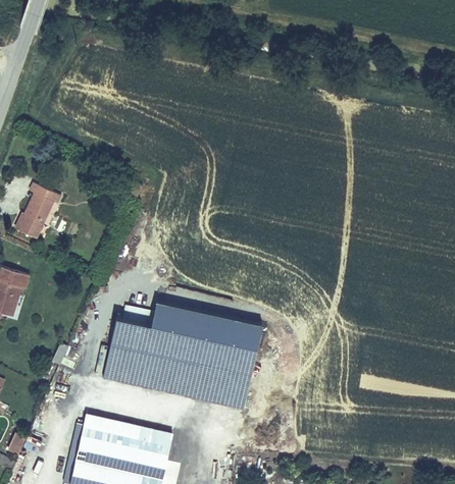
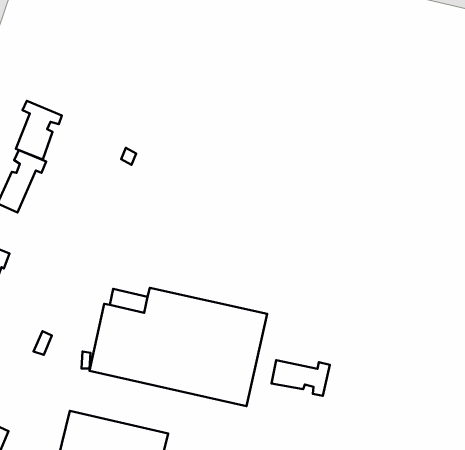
building: none -> [16,101,62,160]
building: none -> [271,360,330,396]

